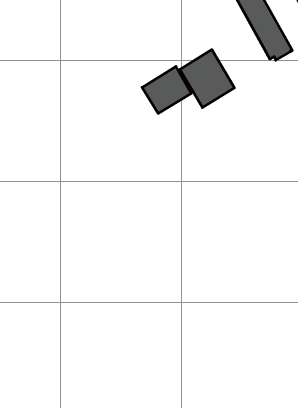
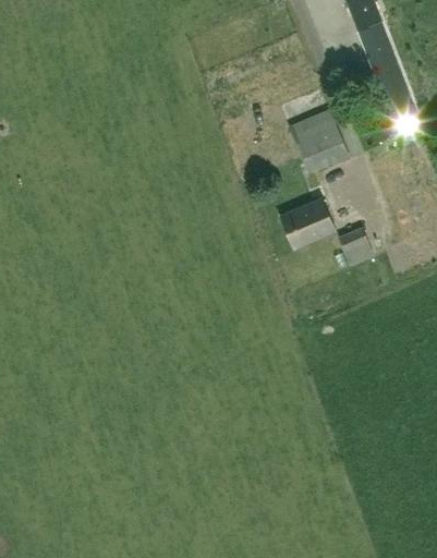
building: [142,66,191,113] -> [279,194,335,245]
building: none -> [338,226,372,260]

